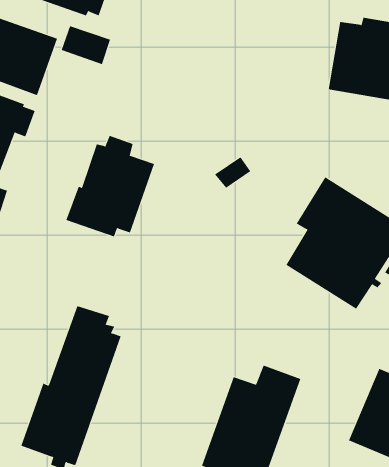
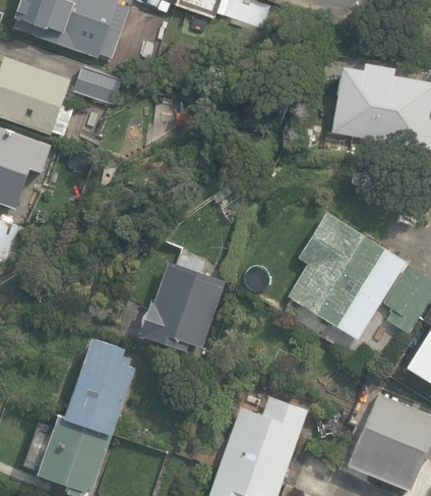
building: [65,135,155,237] -> [140,255,226,352]

